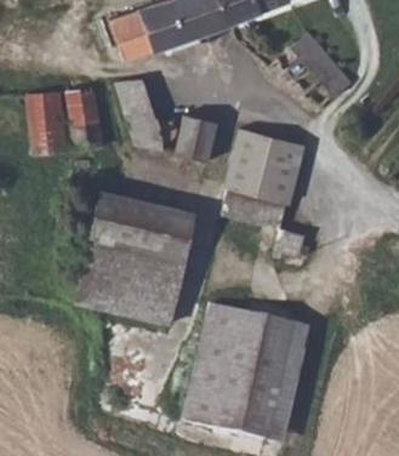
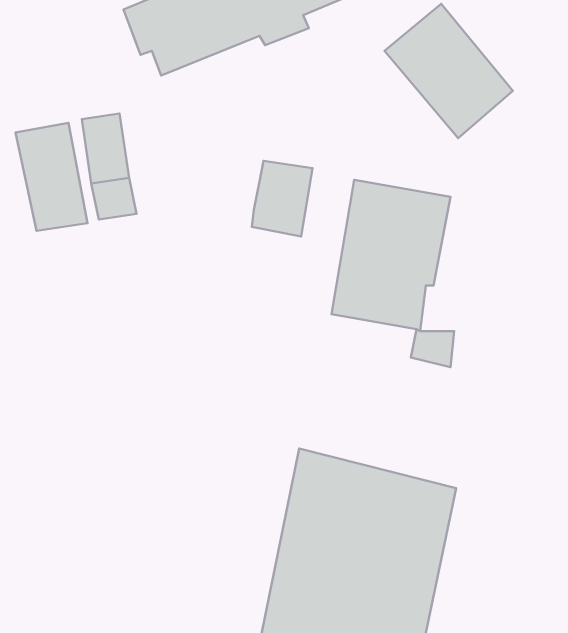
building: [114,81,183,156] -> none
building: [74,189,196,326] -> none

